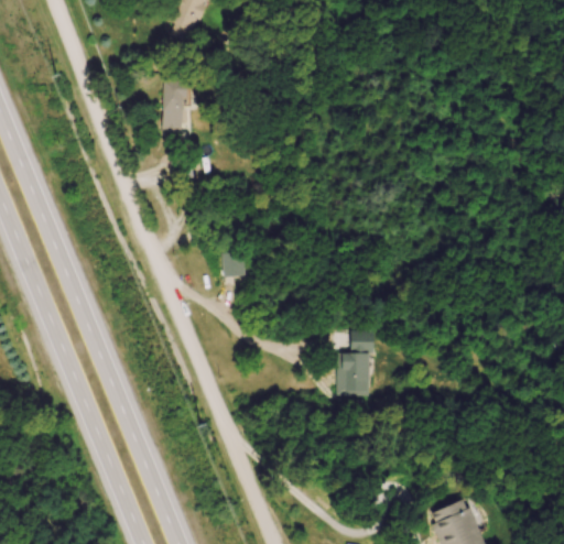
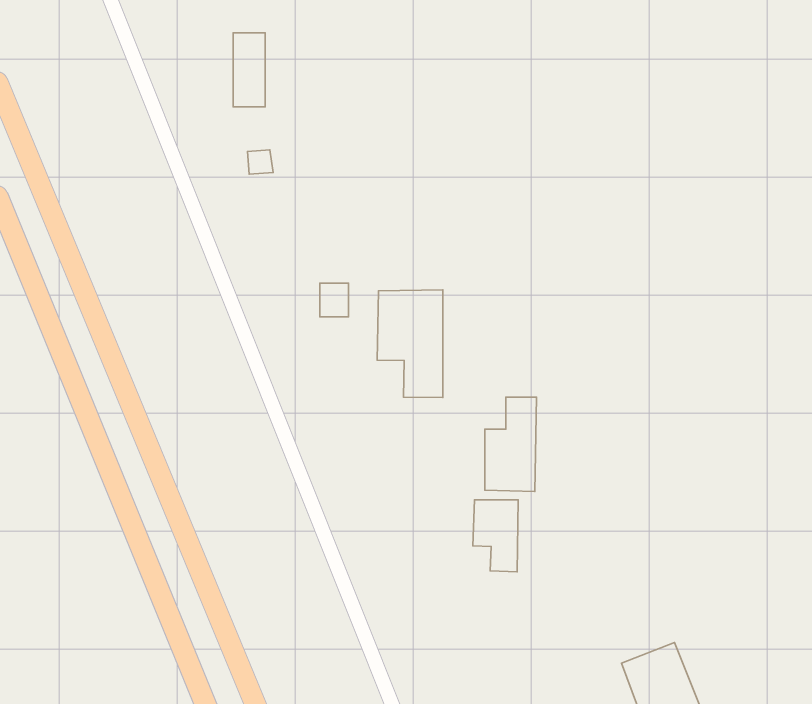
building: none -> [377,290,443,398]
building: none -> [473,500,518,572]

